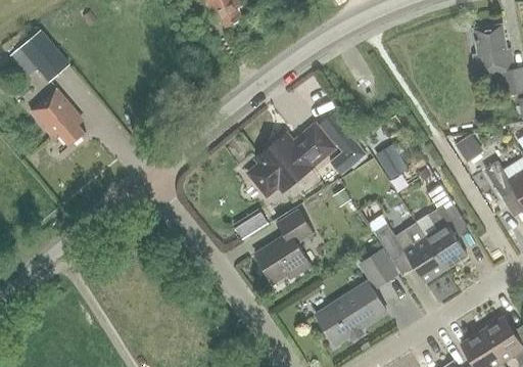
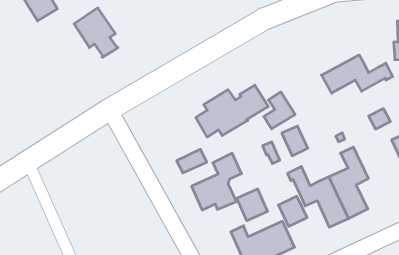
building: none -> [321,55,393,93]
building: [31,89,86,146] -> [74,8,118,57]
building: [374,144,407,180] -> [282,126,308,156]
building: none -> [237,189,268,221]

